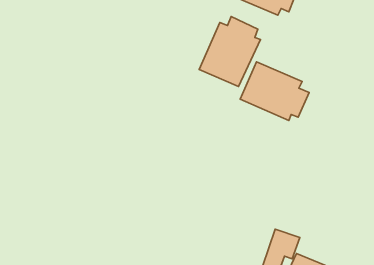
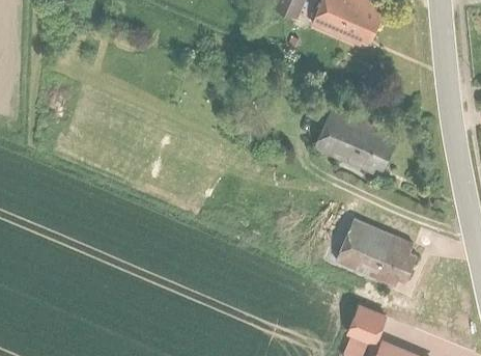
building: [199,17,260,86] -> none
building: none -> [336,218,418,279]

